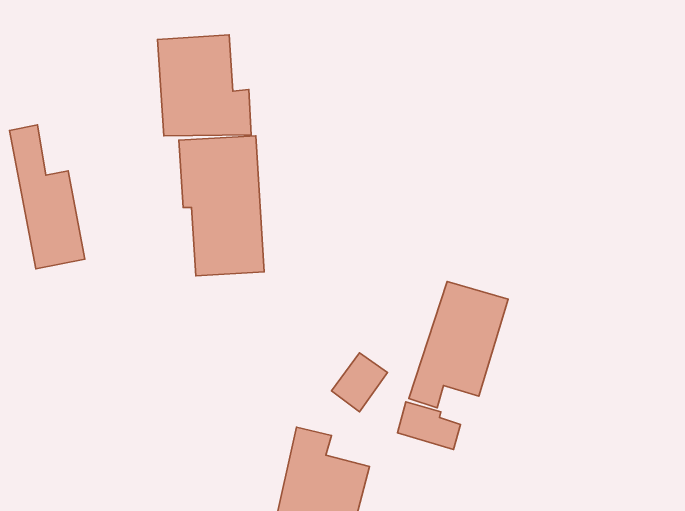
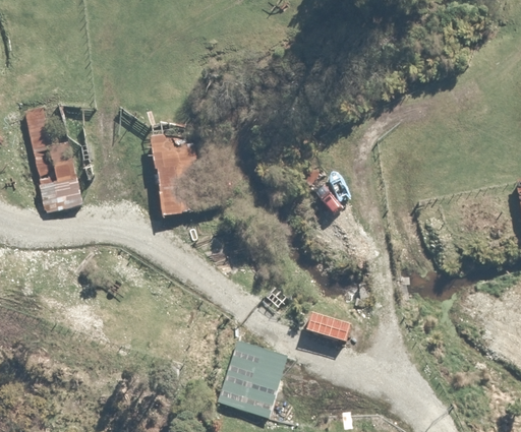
building: [158,35,251,136] -> none
building: [409,281,508,408] -> none

